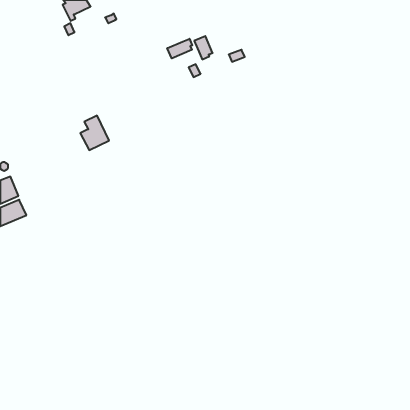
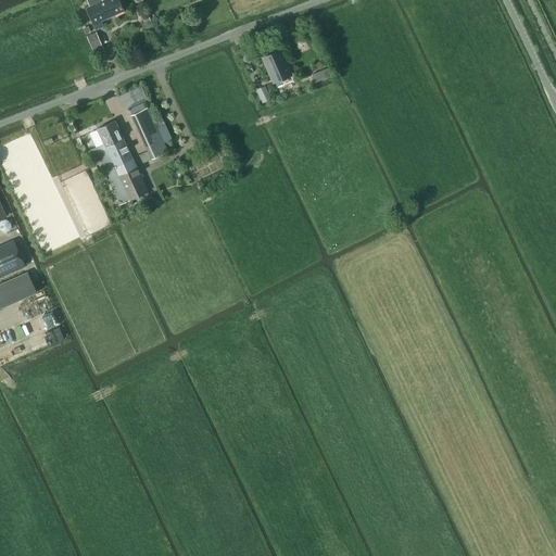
building: [167,39,192,58] -> none
building: none -> [131,106,172,157]
building: none -> [93,119,131,180]

